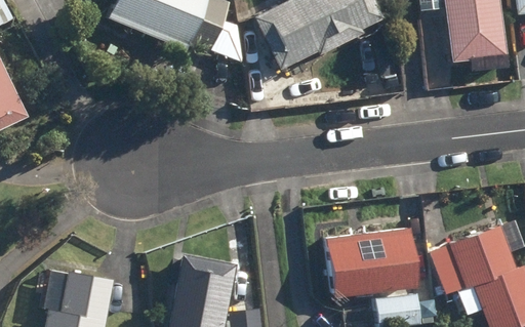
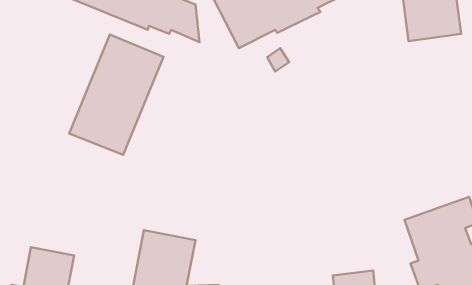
building: none -> [69,35,163,155]
building: [328,229,419,296] -> none

